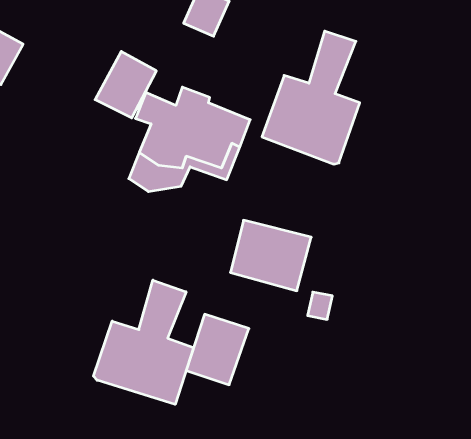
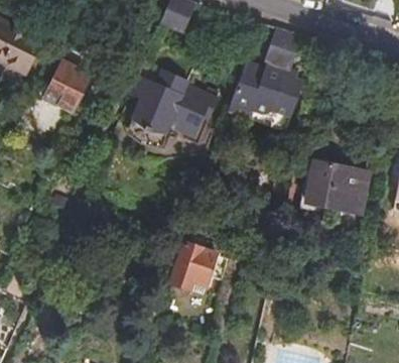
building: [95,51,156,118] -> [44,60,92,112]
building: [230,220,311,291] -> [308,155,371,210]
building: [93,280,194,404] -> none

